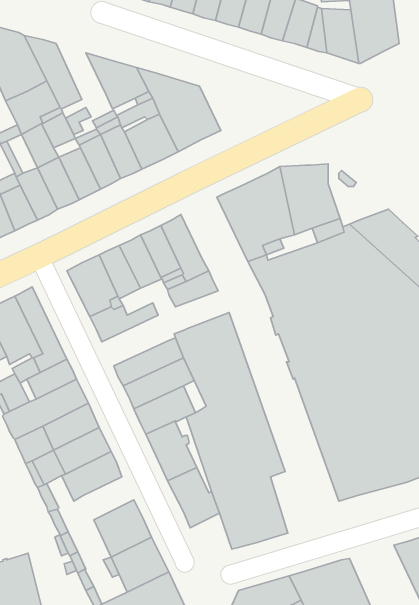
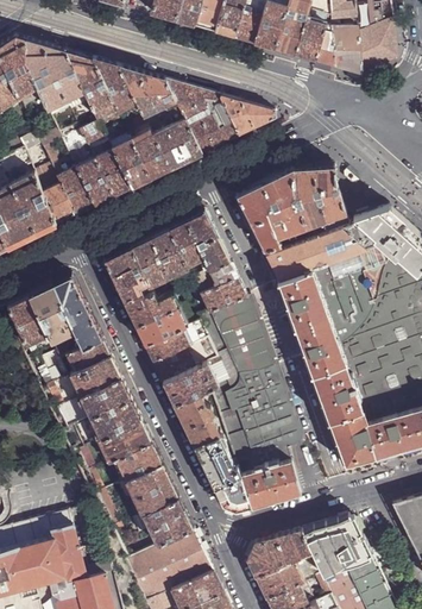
building: none -> [94,58,138,112]
building: none -> [221,96,276,136]
building: none -> [200,278,247,313]
building: none -> [134,300,194,345]
building: none -> [118,444,163,482]
building: none -> [213,476,250,513]

